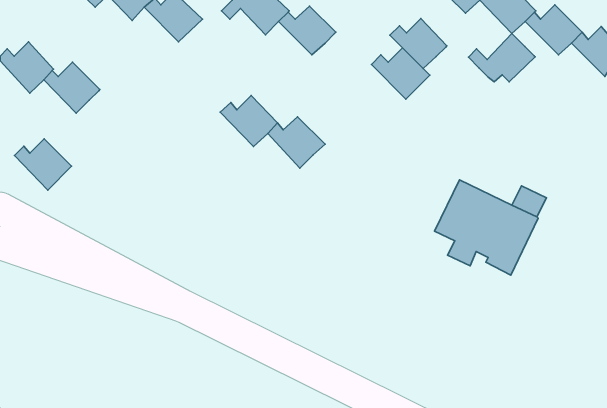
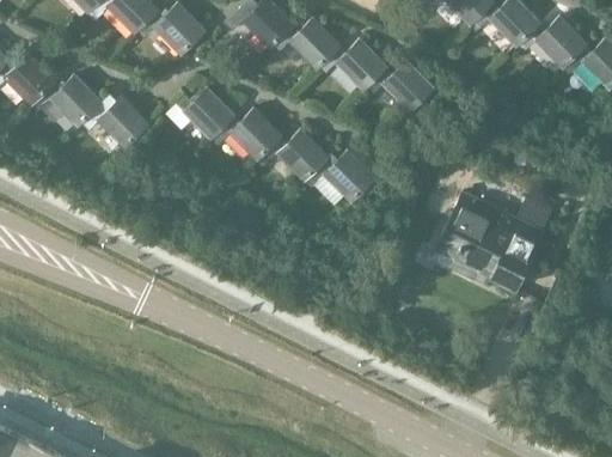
building: [390,19,447,69] -> [328,38,385,89]
building: [468,34,535,82] -> none
building: none -> [176,86,233,138]
building: none -> [316,150,374,201]
building: [14,139,72,190] -> [91,96,148,147]

